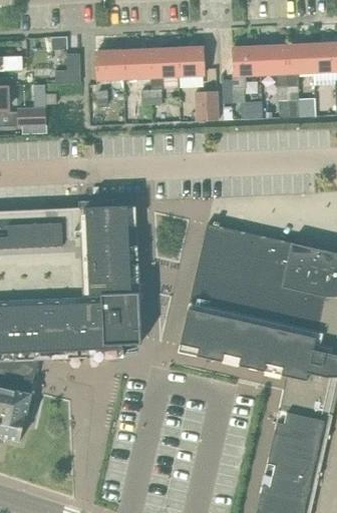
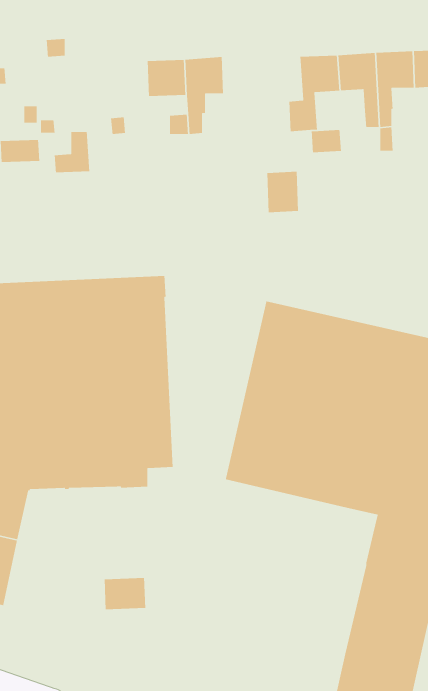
building: [176,48,204,76] -> none
building: [94,52,122,79] -> none
building: [54,54,80,84] -> [54,131,90,173]
building: [195,91,218,121] -> [267,171,299,213]
building: none -> [104,577,146,610]

